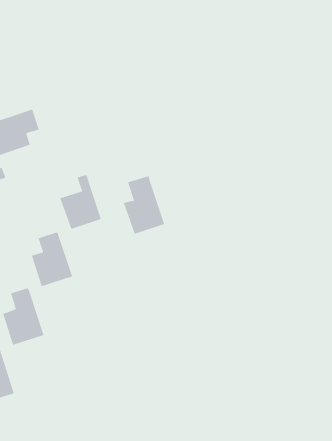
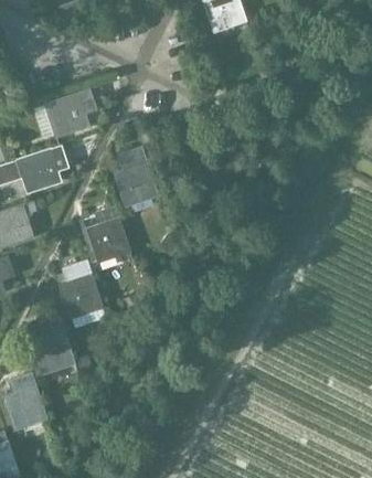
building: none -> [46,91,95,136]
building: [123,175,165,235] -> [115,148,156,205]

